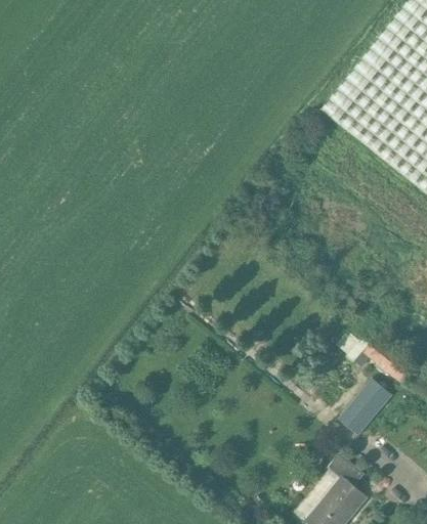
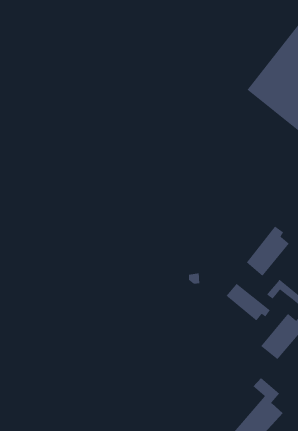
building: none -> [246,225,290,277]
building: none -> [225,283,271,321]

